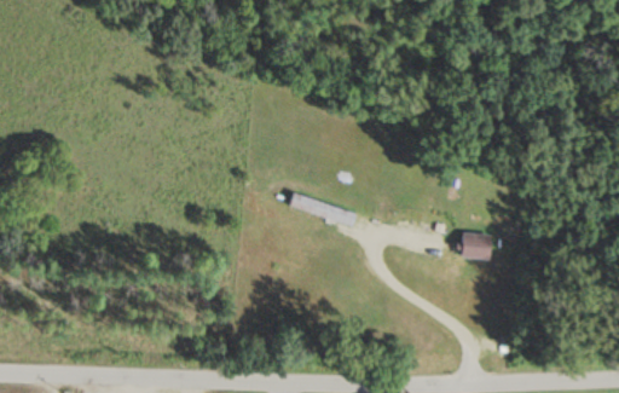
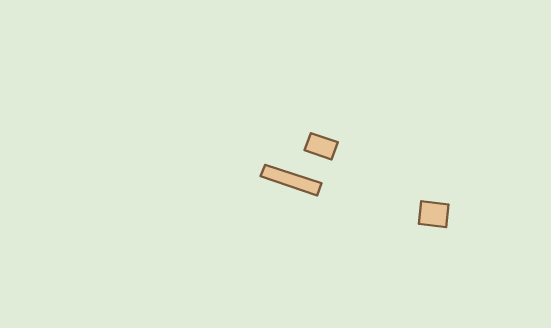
building: none -> [304,133,338,159]

